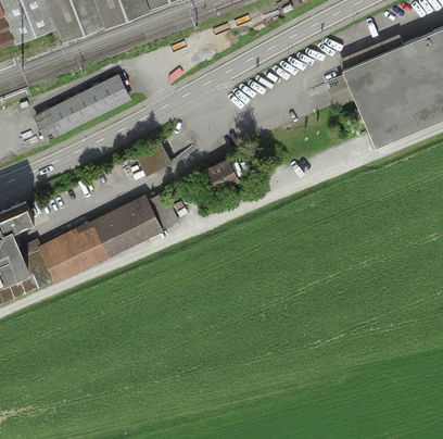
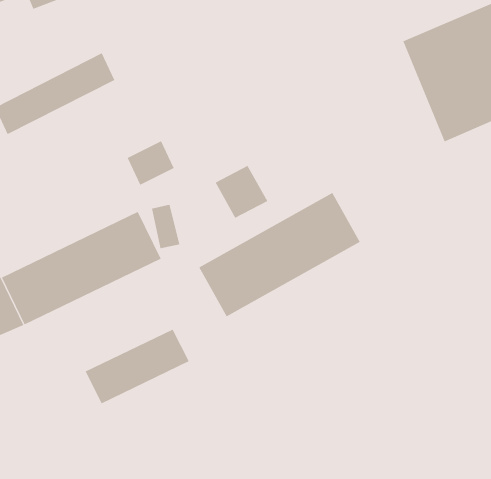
building: none -> [199,192,361,317]
building: none -> [85,329,189,404]

